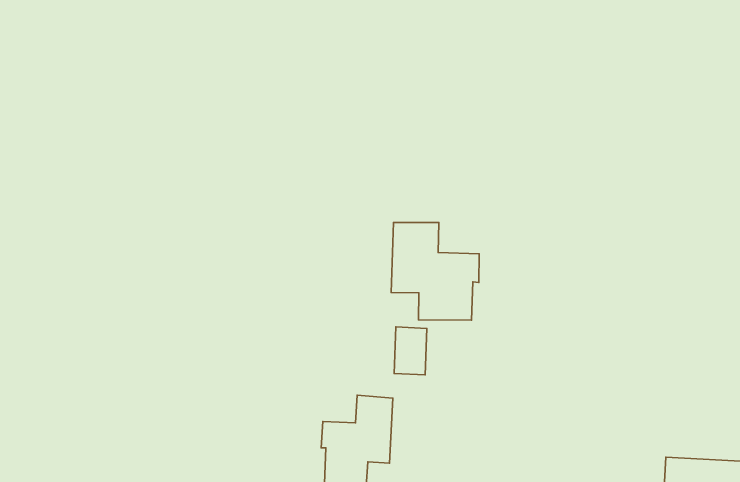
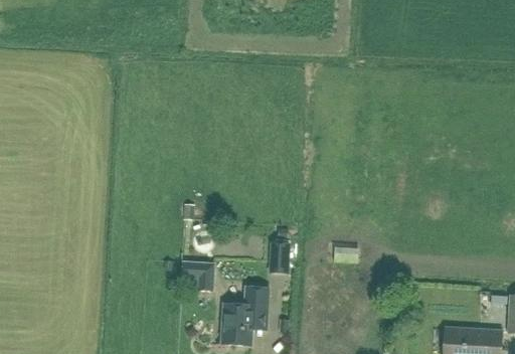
building: [391,222,479,320] -> none
building: none -> [181,260,214,289]

